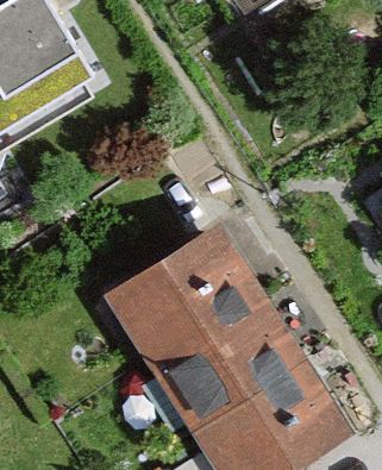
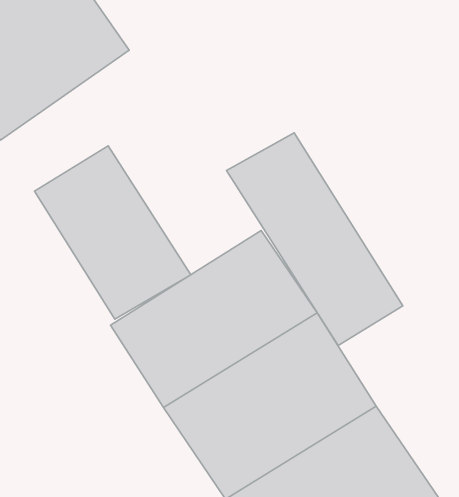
building: none -> [227,133,403,346]
building: none -> [35,146,191,319]

